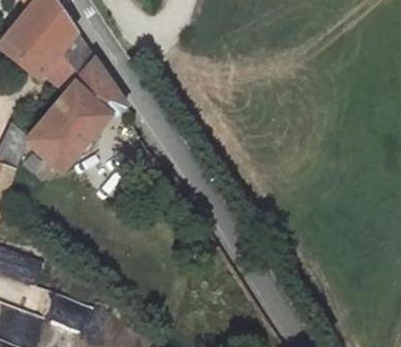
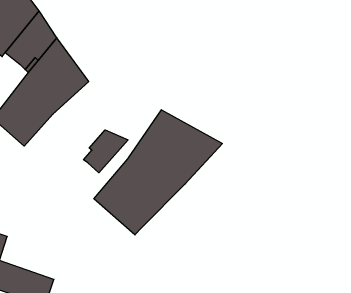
building: none -> [94,110,222,235]
building: none -> [84,130,128,173]

